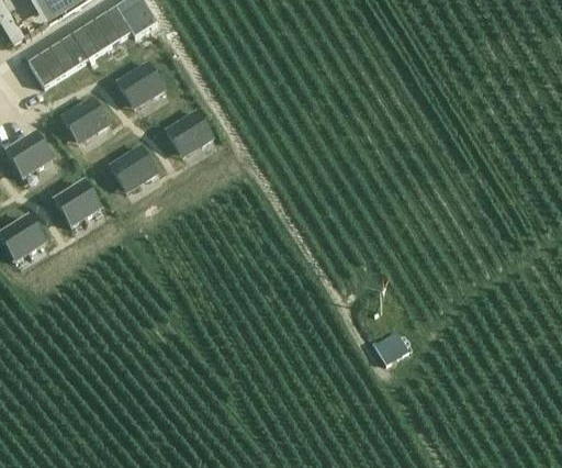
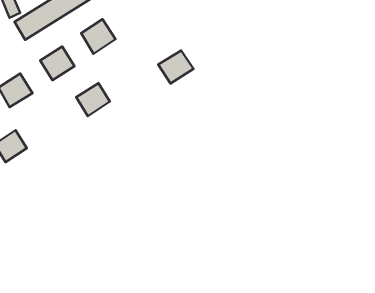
building: [166,110,213,154] -> [158,51,193,83]
building: [54,180,104,229] -> none
building: [374,331,408,365] -> none

